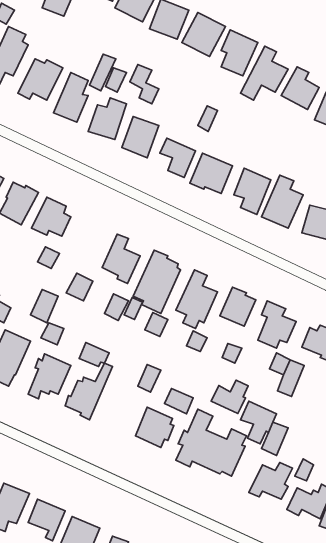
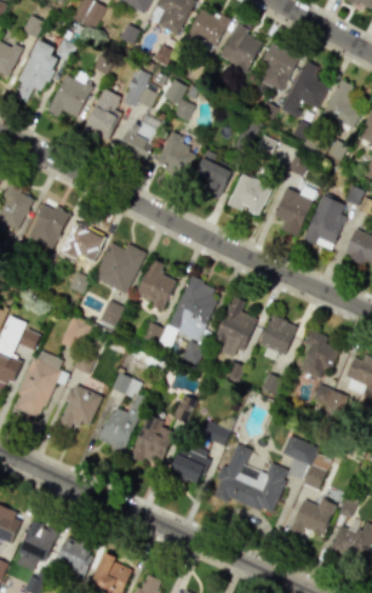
building: none -> [93,243,145,293]
building: [211,380,248,414] -> none
building: none -> [131,415,172,466]

